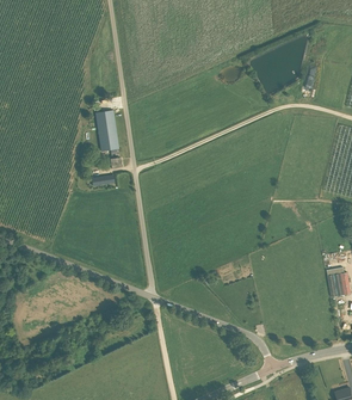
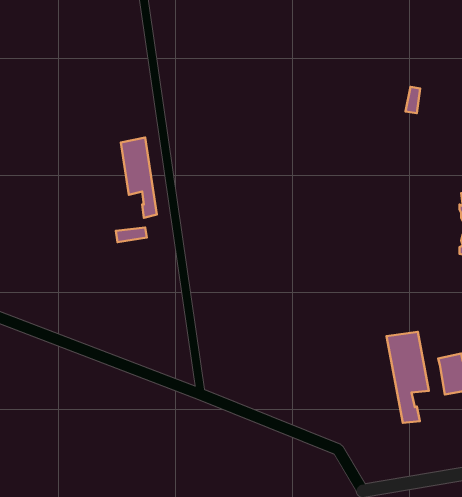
building: none -> [386,332,429,423]

